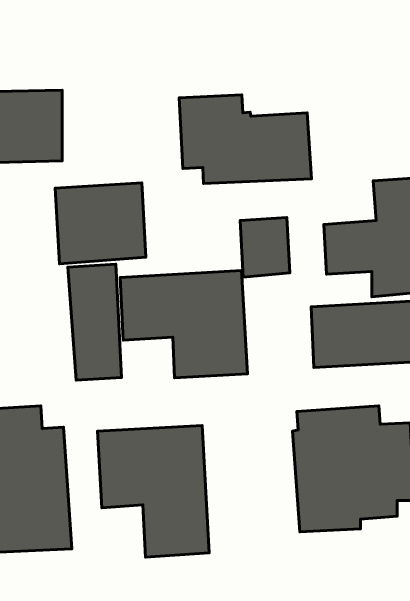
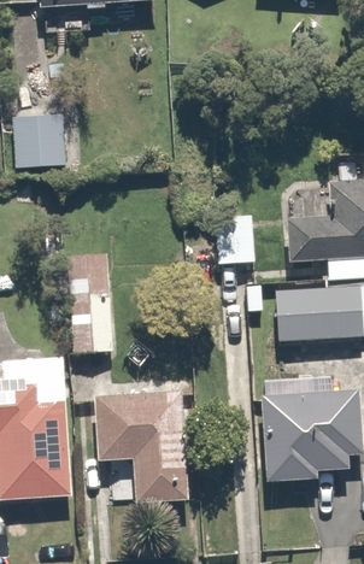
building: [179,95,311,183] -> none
building: [55,183,146,264] -> none
building: [120,271,247,378] -> none

